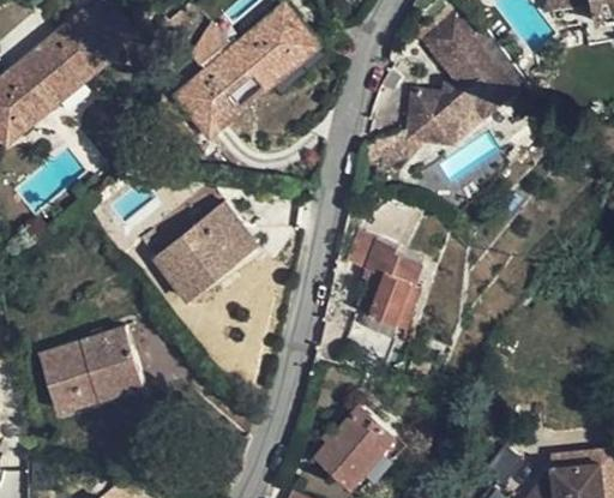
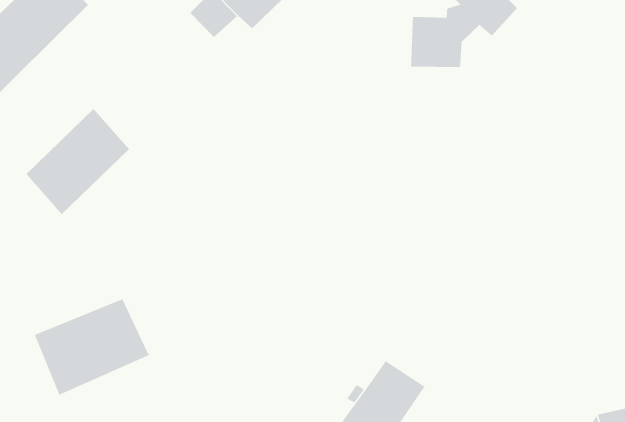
building: [176,68,241,136] -> none
building: [157,202,255,298] -> [25,108,130,215]
building: [356,240,422,320] -> none

